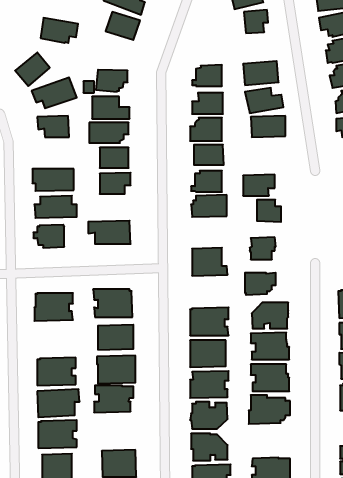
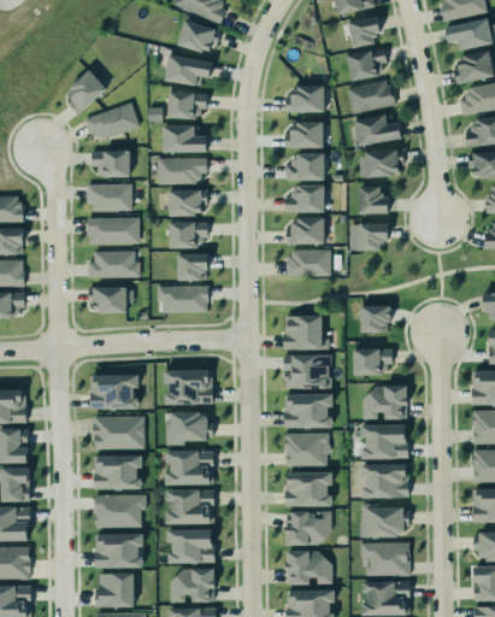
building: [41,18,78,43] -> [165,55,212,87]
building: none -> [346,48,387,82]
building: none -> [88,186,130,212]
building: none -> [179,254,210,282]
building: [257,200,281,222] -> [360,187,390,215]
building: none -> [283,353,331,387]
building: none -> [95,416,146,449]
building: none -> [166,527,214,562]
building: none -> [361,542,412,577]

